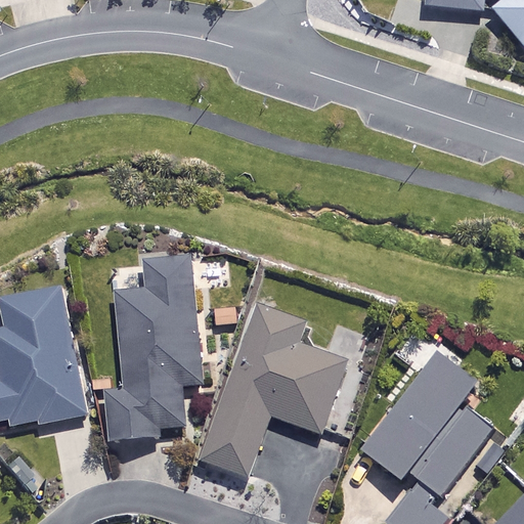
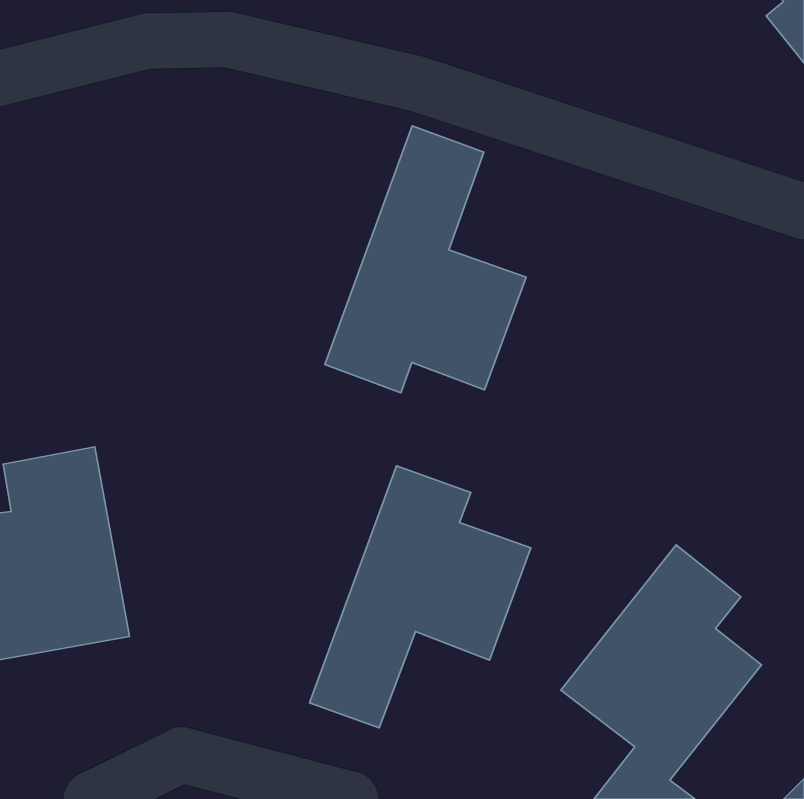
building: none -> [325,126,526,393]
building: [105,255,201,440] -> none

